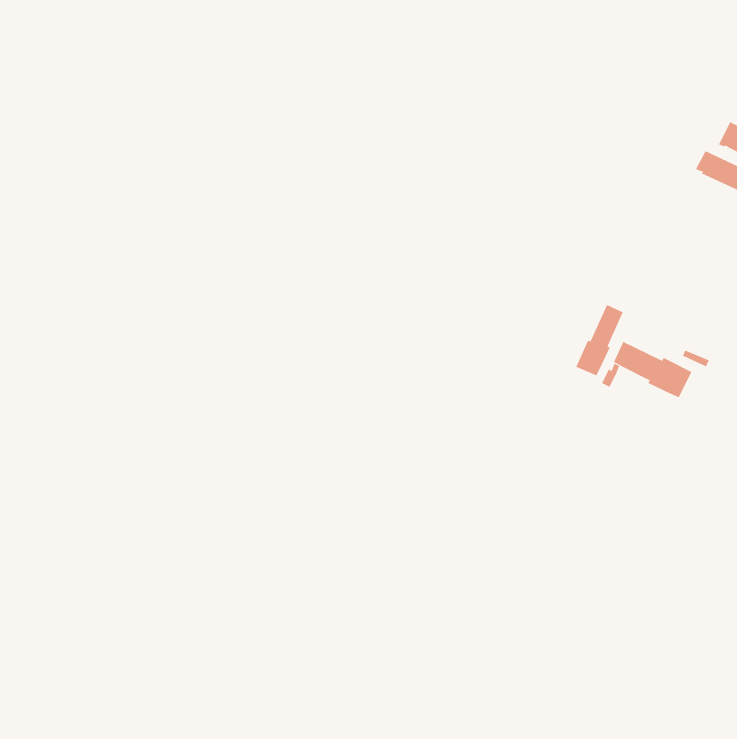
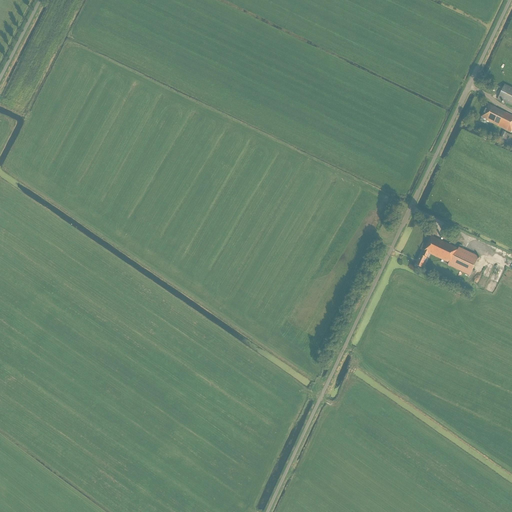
building: [576,304,624,376] -> none

